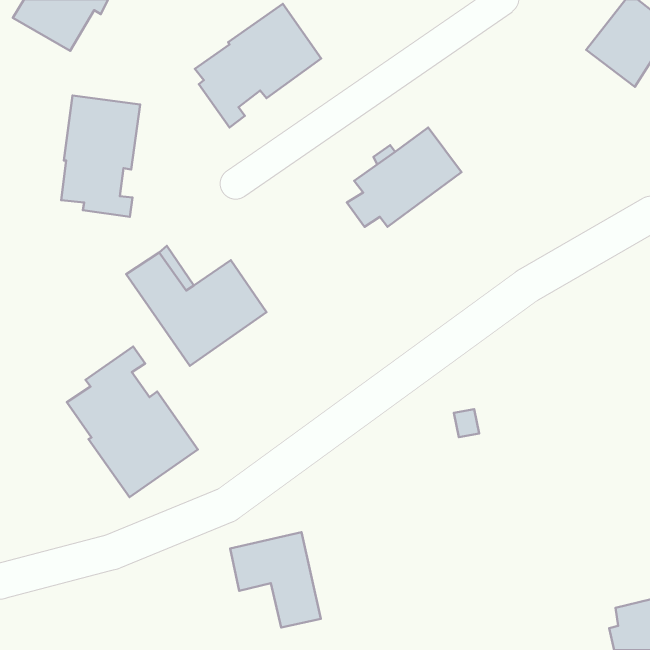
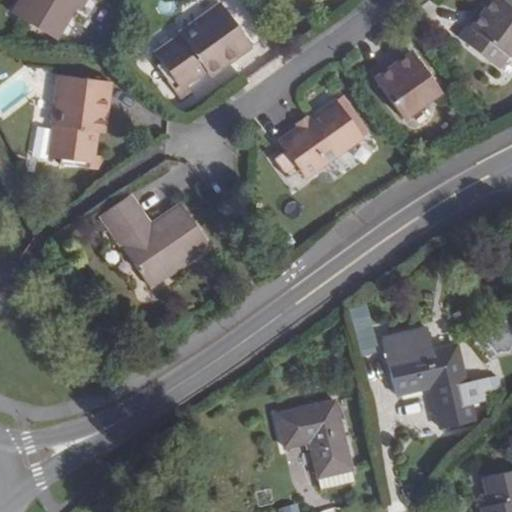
building: none -> [370,50,441,119]
building: [67,346,198,497] -> none
building: none -> [385,327,499,429]
building: [230,532,321,628] -> [278,401,349,476]

